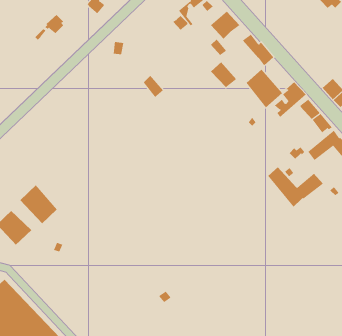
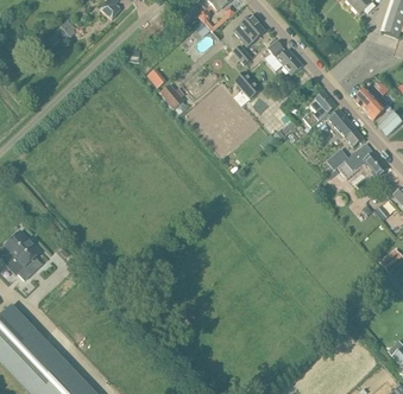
building: [246,69,283,108] -> none
building: [267,166,324,207] -> none
building: [20,184,57,224] -> none

